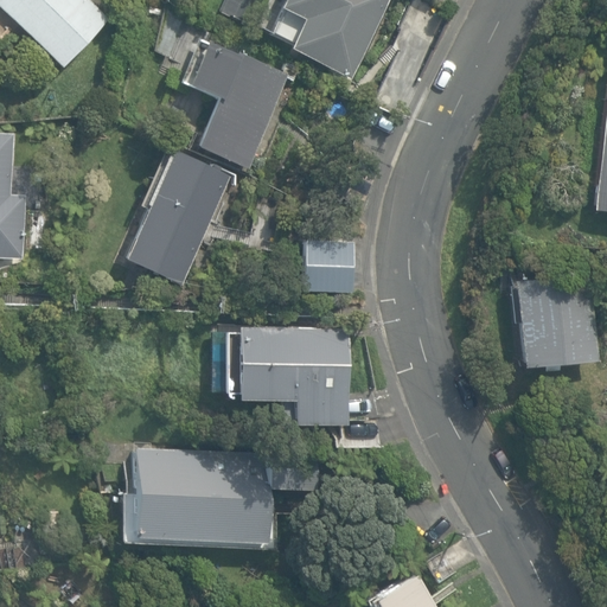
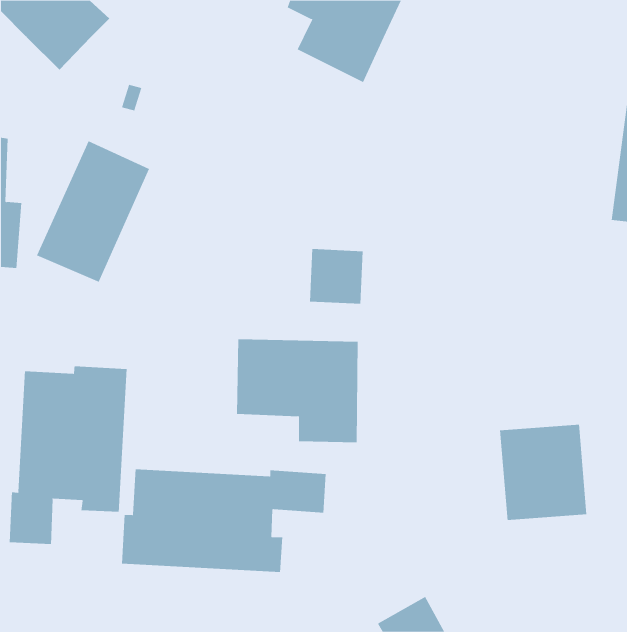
building: [193,50,289,170] -> none
building: [121,148,230,285] -> [36,140,150,283]
building: [512,274,596,366] -> [499,424,587,521]
building: none -> [9,365,127,545]

